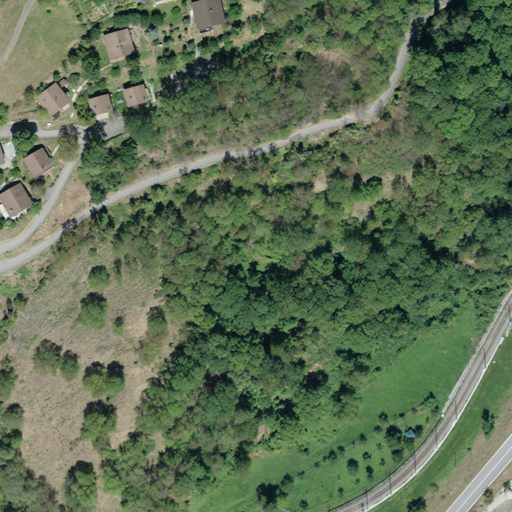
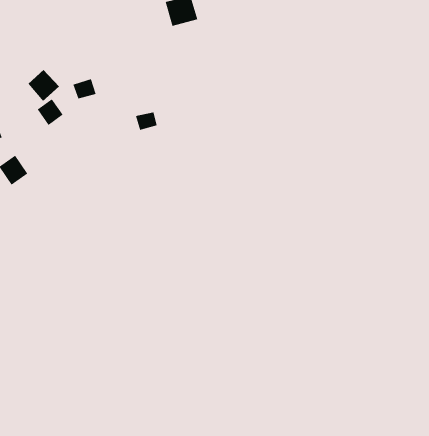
building: [99,26,133,60] -> none
building: [123,84,149,106] -> [135,112,157,130]
building: [22,147,53,179] -> [37,98,63,126]

